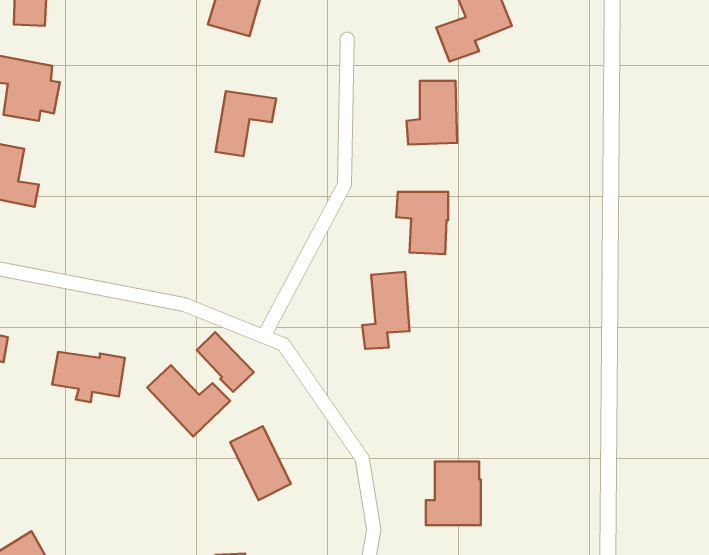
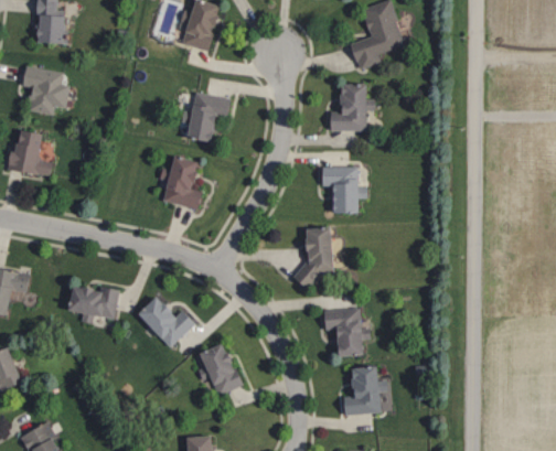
building: none -> [163,155,205,210]
building: [197,332,254,392] -> none
building: none -> [329,309,366,356]

